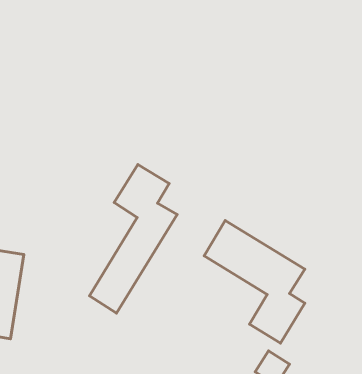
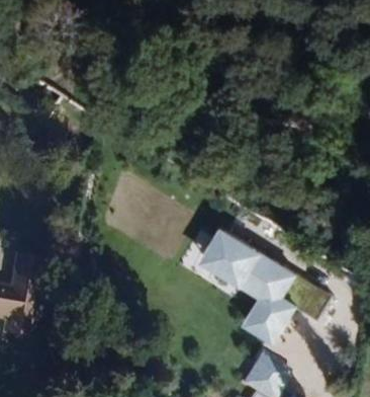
building: [89,164,177,313] -> none

